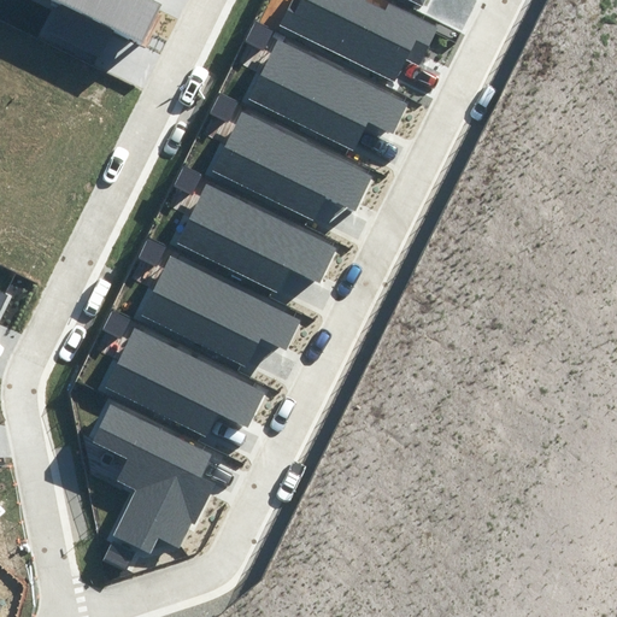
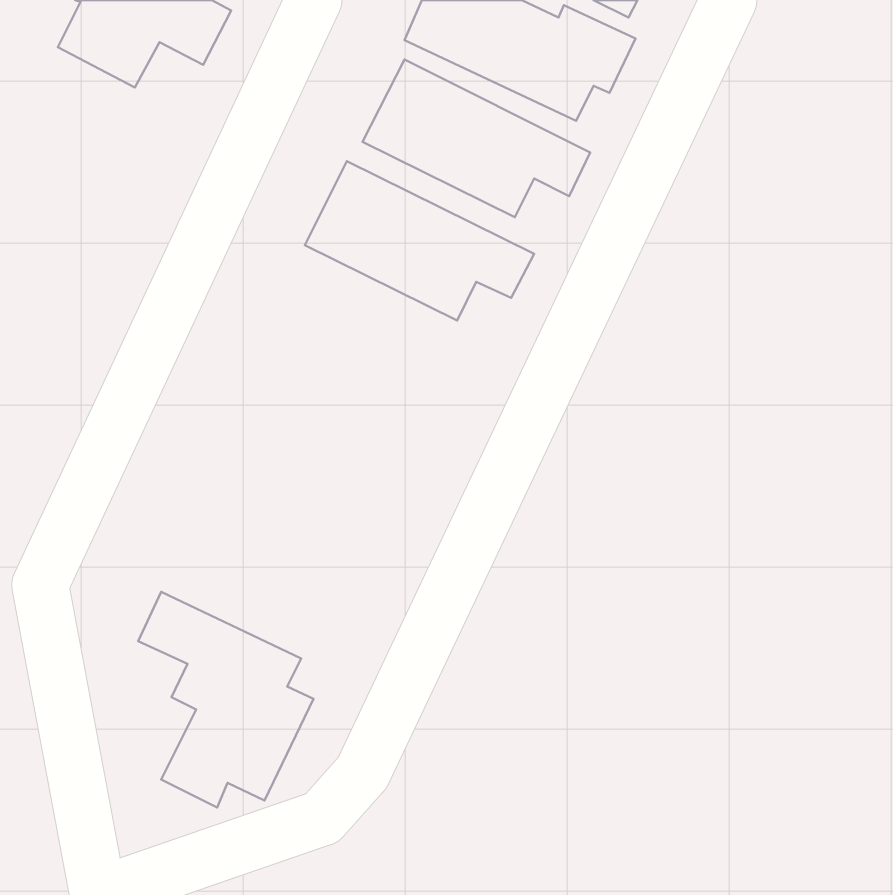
building: [178,184,336,294] -> none
building: [141,254,299,364] -> none
building: [102,328,260,437] -> none

